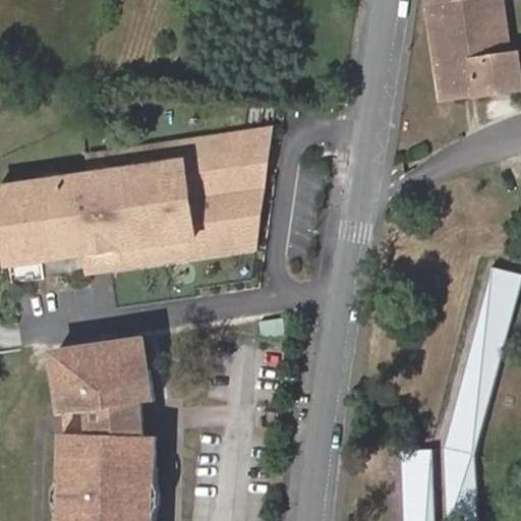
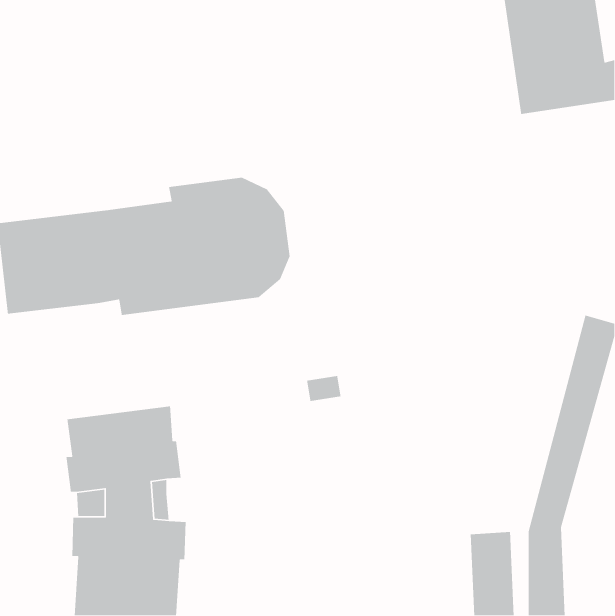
building: [82,135,271,273] -> none

